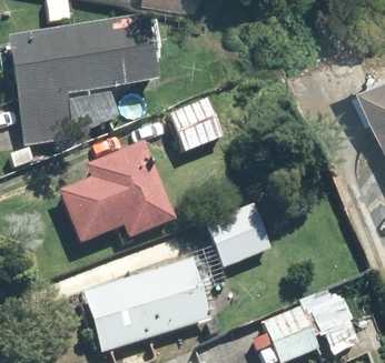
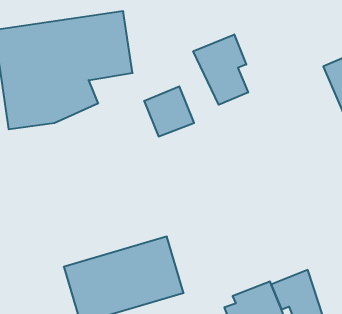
building: none -> [193,34,248,105]
building: [55,143,170,245] -> none
building: [199,205,267,270] -> none

